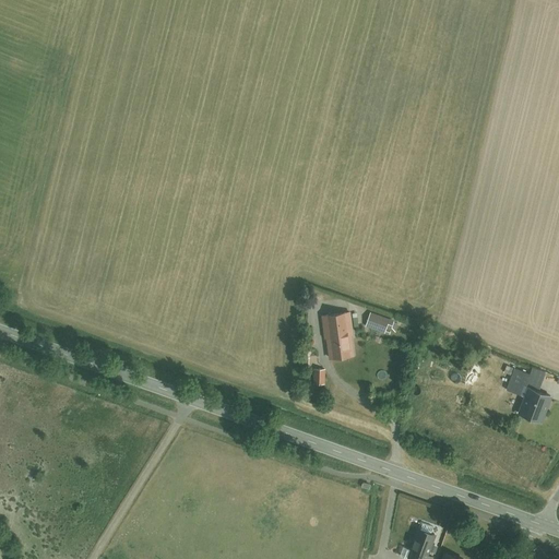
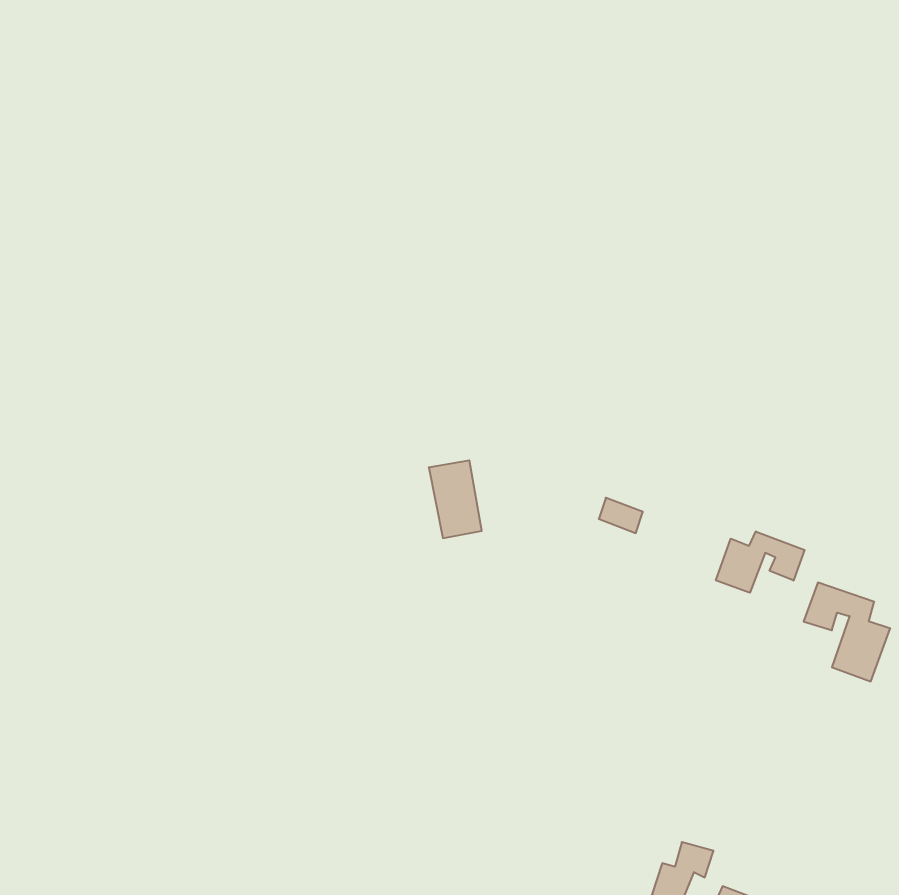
building: [321,313,354,361] -> [429,460,482,538]
building: none -> [716,531,805,593]

